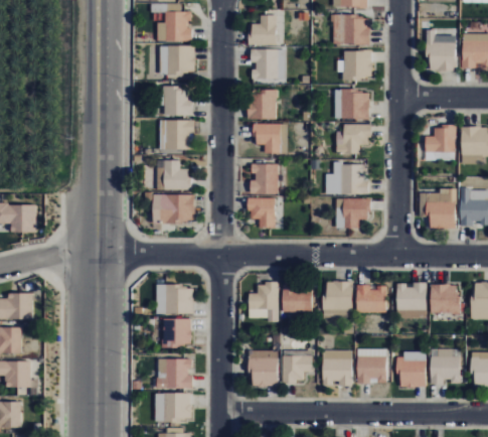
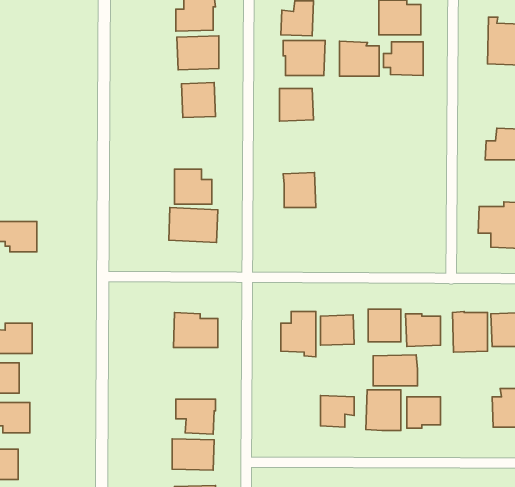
building: [335,89,369,119] -> [339,41,379,76]
building: [159,120,194,150] -> none
building: [254,123,281,153] -> none
building: [336,124,370,153] -> none
building: [326,163,368,194] -> none
building: [249,198,275,228] -> none
building: [336,198,369,229] -> none
building: [163,318,191,346] -> none
building: none -> [373,355,418,386]
building: [249,350,278,387] -> none
building: [396,353,427,387] -> none

